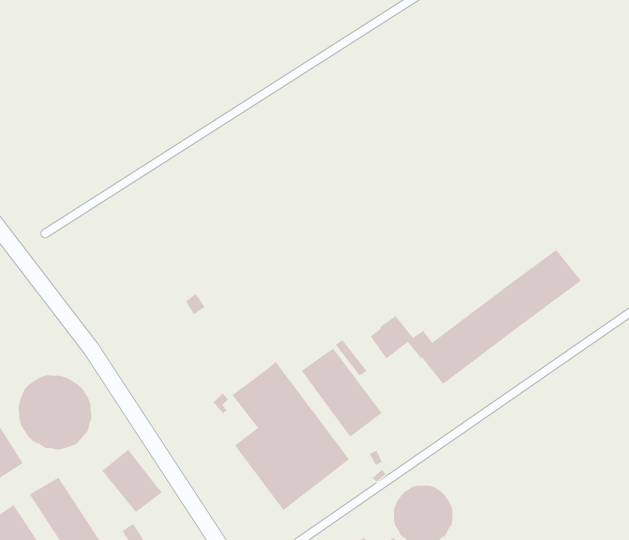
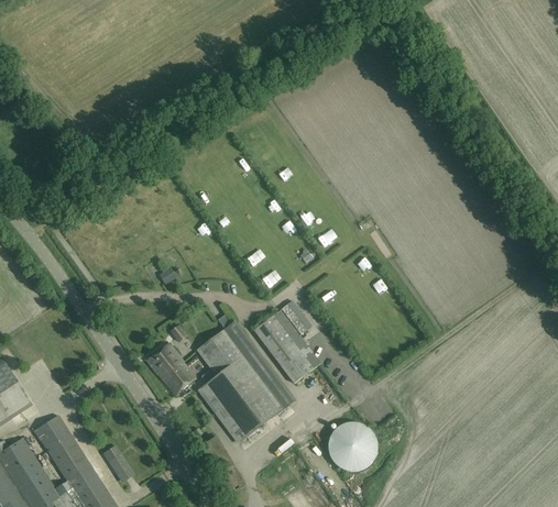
building: [370,249,582,385] -> none
building: [18,375,92,450] -> none
building: [101,449,163,513] -> [146,342,196,394]

